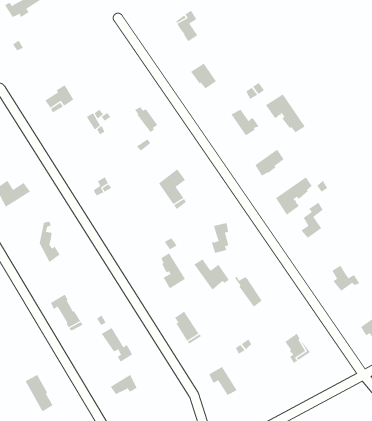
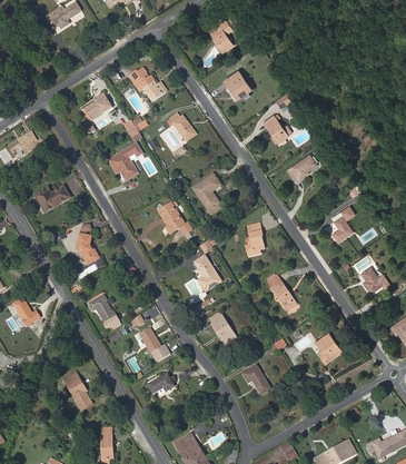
building: none -> [128,67,166,99]
building: [265,94,305,133] -> none
building: none -> [109,144,141,178]
building: [275,176,313,215] -> none
building: none -> [159,200,191,235]
building: [194,259,229,290] -> none

